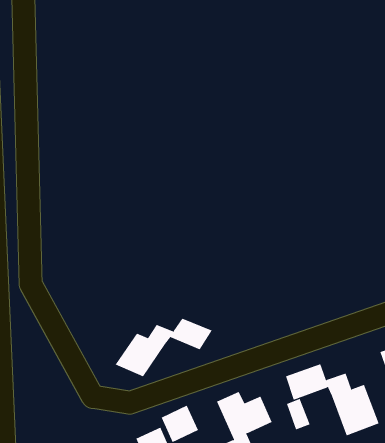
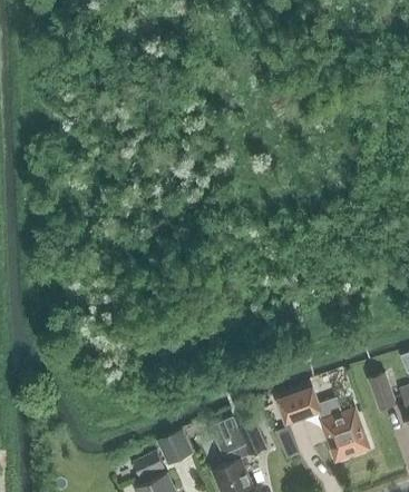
building: [115,318,213,377] -> none

